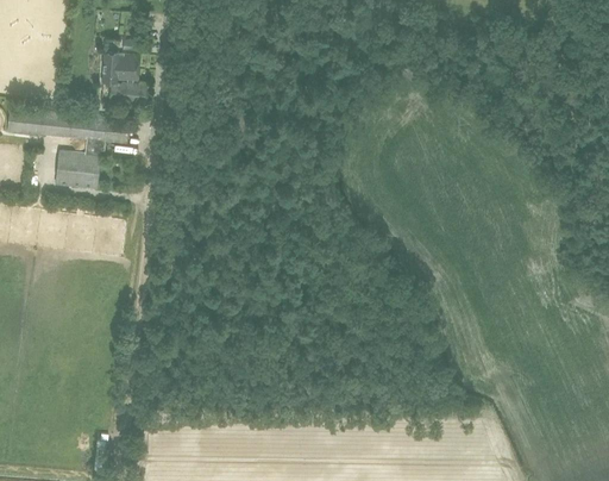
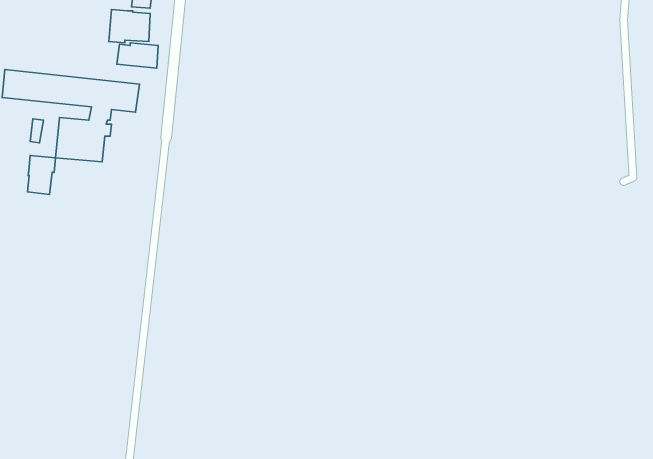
building: none -> [28,156,56,194]

